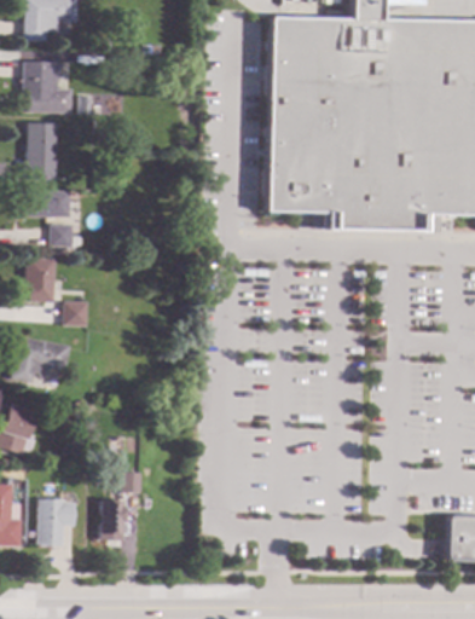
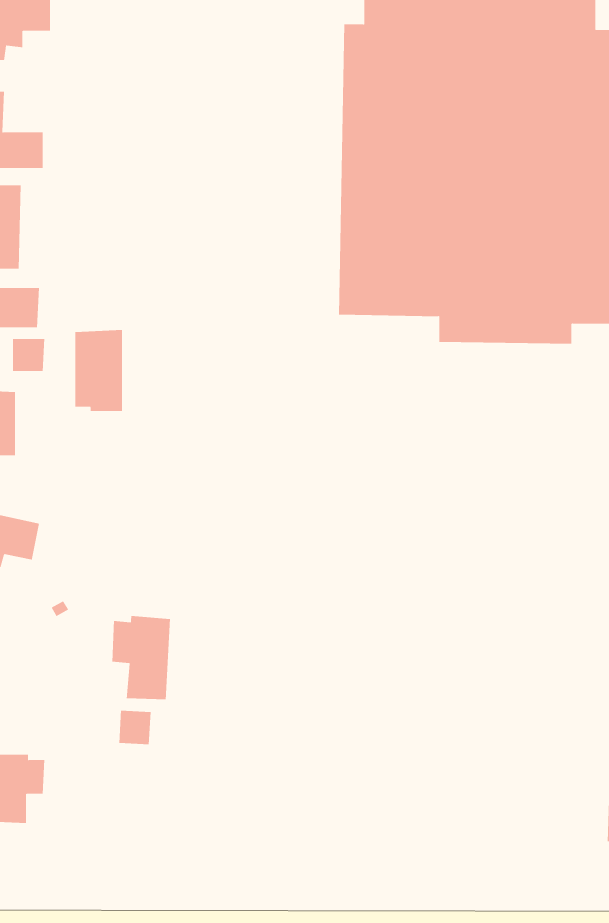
building: none -> [75,329,122,412]
building: [65,301,89,326] -> none
building: none -> [112,615,171,700]
building: [102,501,126,540] -> none

